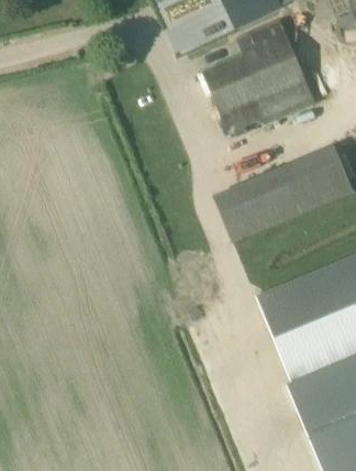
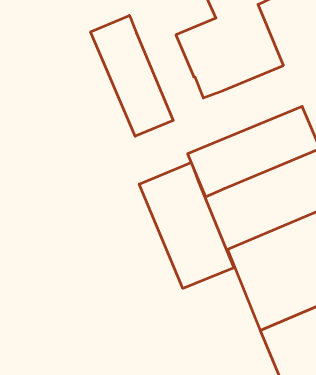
building: none -> [91,15,173,136]
building: none -> [139,163,234,288]

